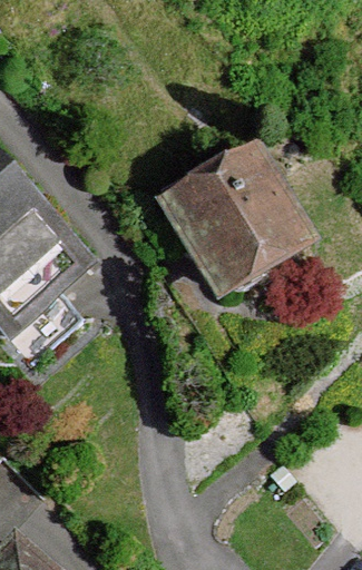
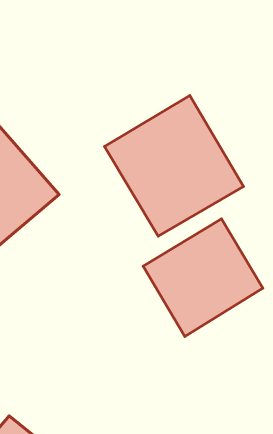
building: none -> [143,219,263,336]

